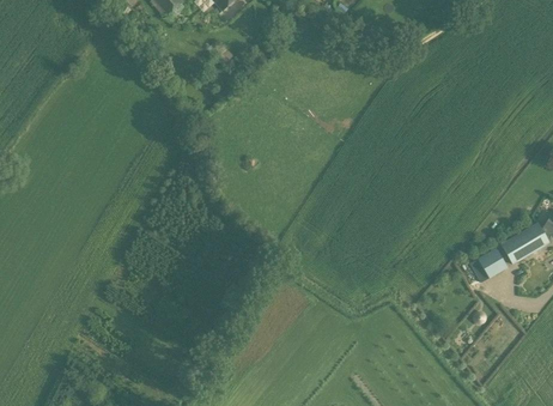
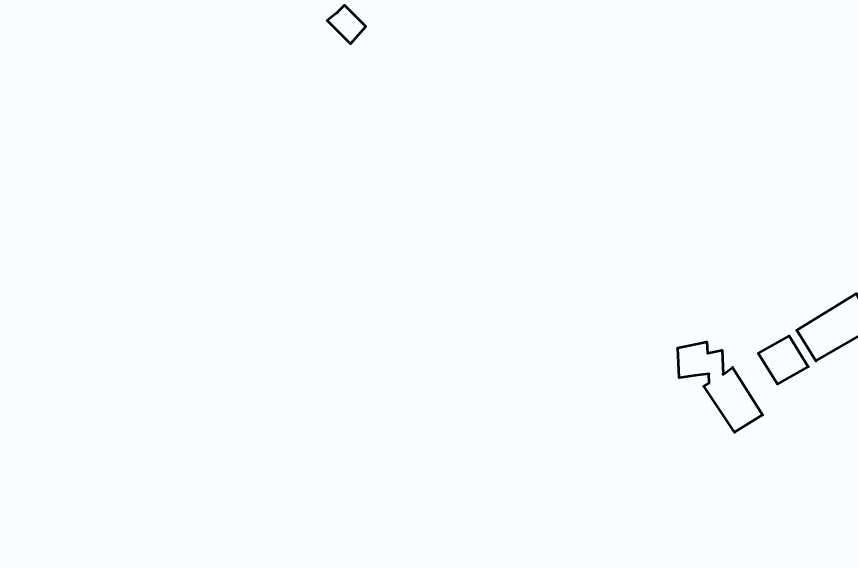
building: none -> [678,342,763,432]

